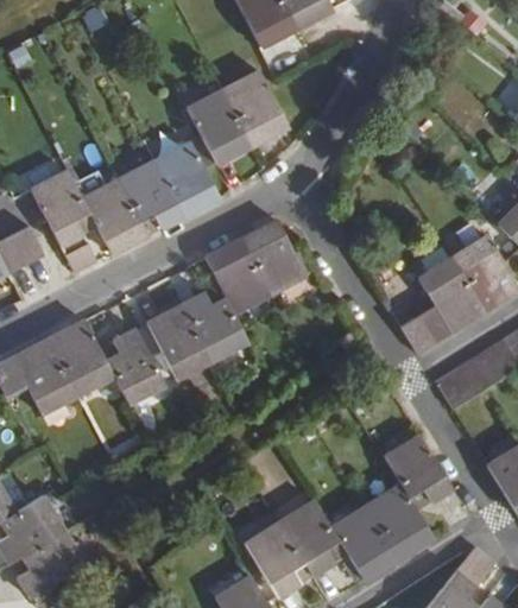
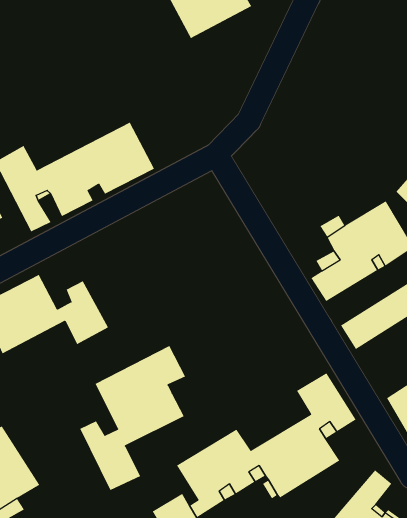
building: [187,71,286,164] -> none
building: [146,218,307,379] -> none
building: none -> [80,345,186,491]

